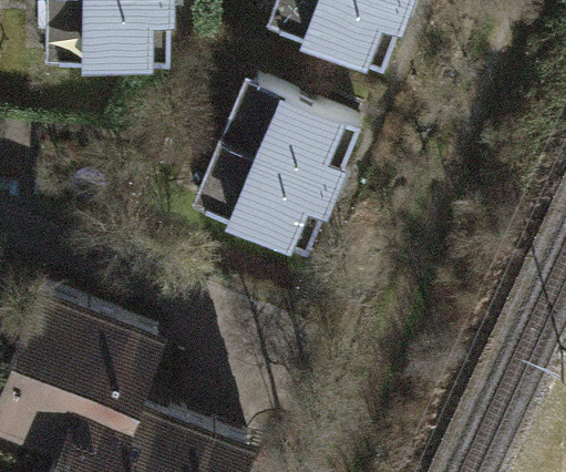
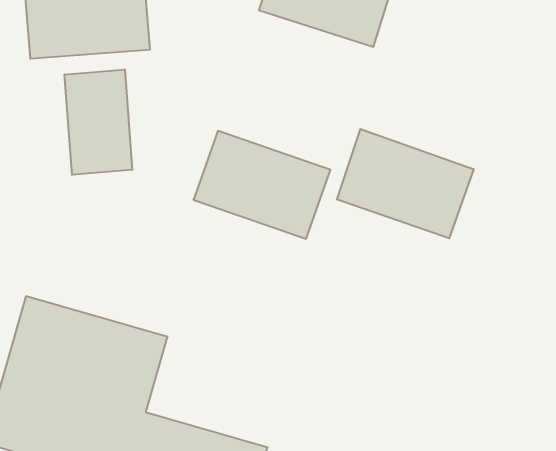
building: [228,79,361,188] -> [337,129,474,238]
building: none -> [65,69,132,175]

